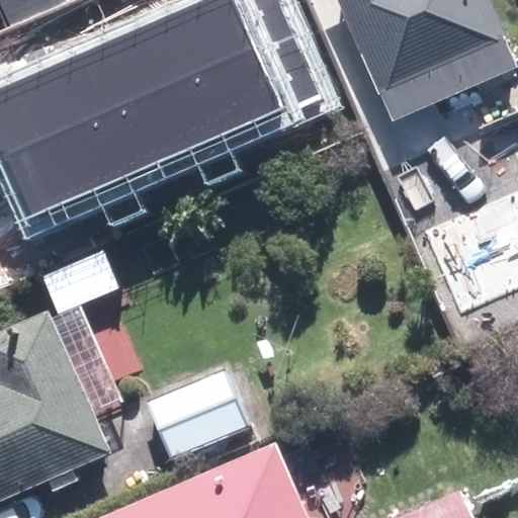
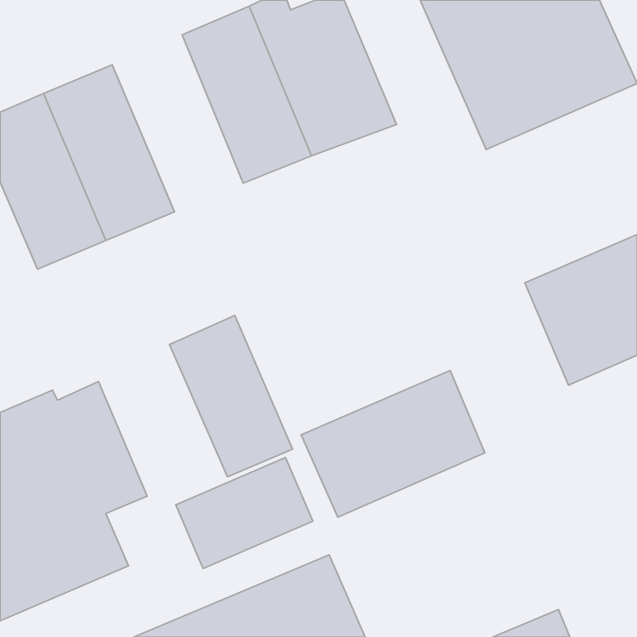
building: [91,28,197,172] -> none
building: none -> [170,315,293,477]
building: none -> [301,371,485,517]

